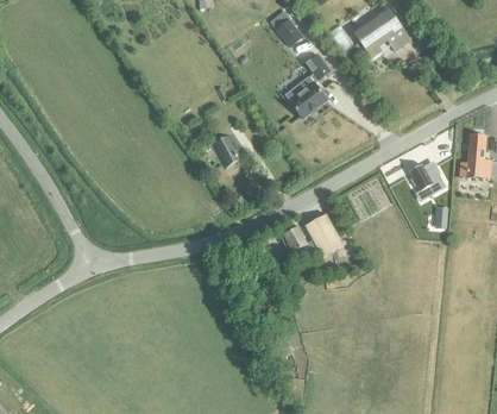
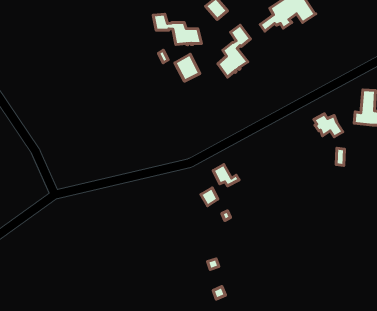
building: none -> [153,14,202,45]
building: [212,133,243,167] -> [175,54,200,81]
building: [304,213,344,256] -> none

